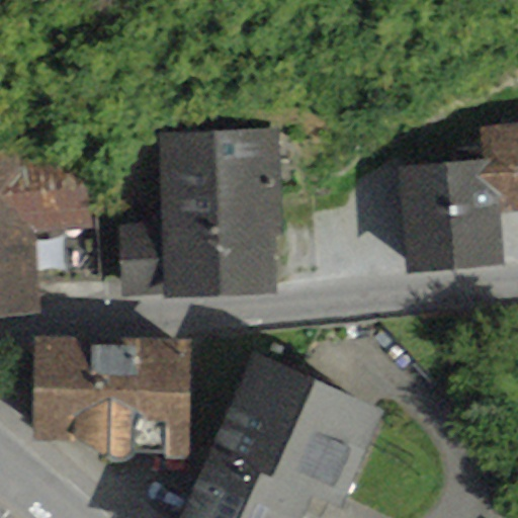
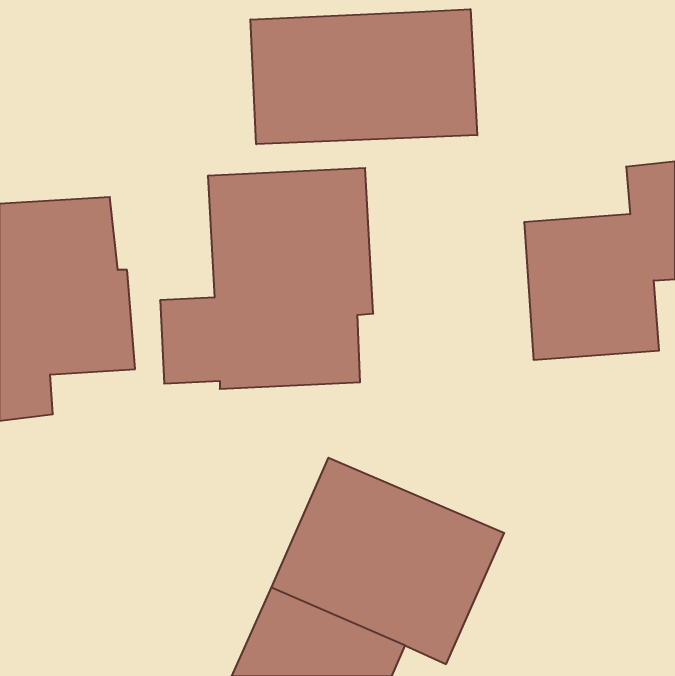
building: none -> [250,9,477,144]
building: [33,340,191,468] -> none

